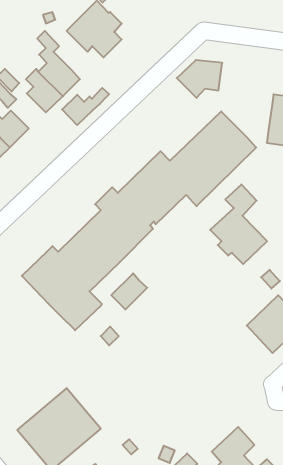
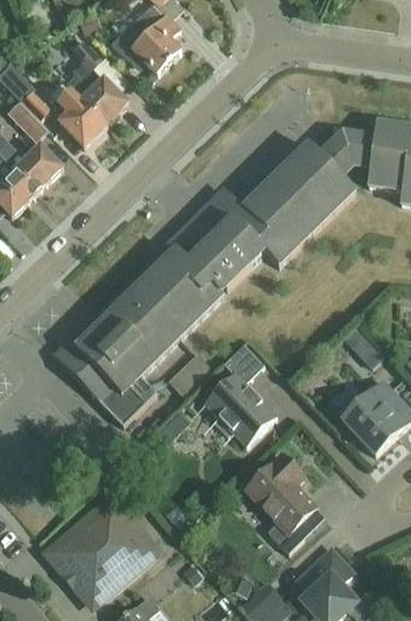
building: [177,60,222,98] -> [316,127,375,176]
building: [62,88,109,125] -> none
building: [210,184,267,264] -> [204,342,276,444]
building: none -> [246,454,315,551]

